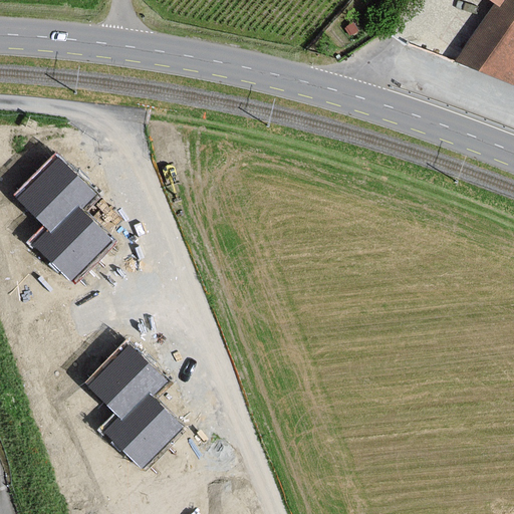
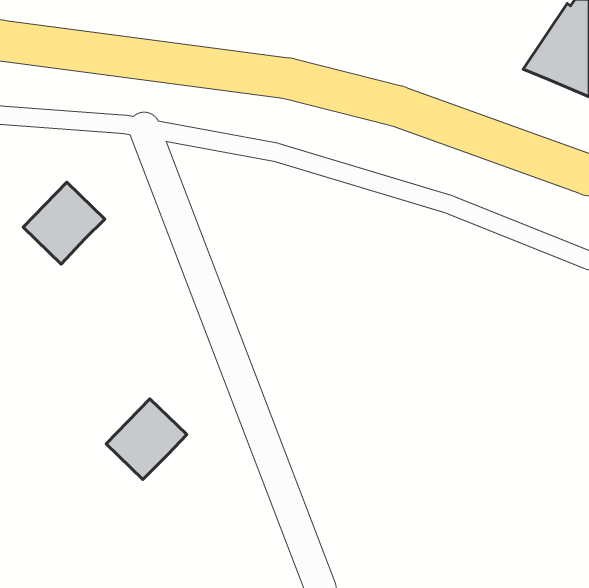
building: [38,208,108,277] -> none
building: [110,396,180,465] -> none

